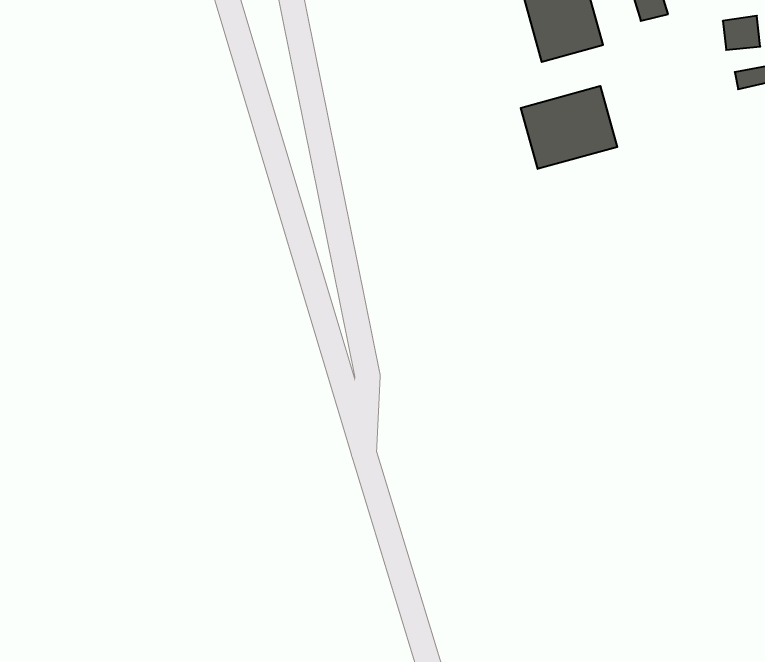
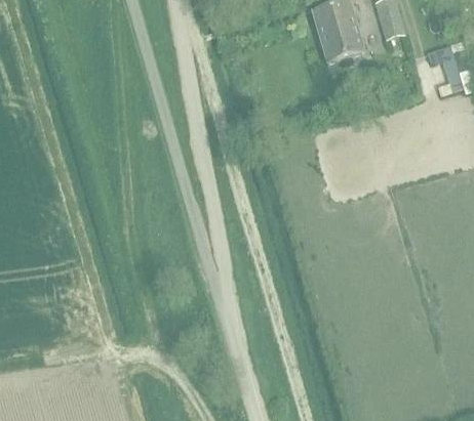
building: [521,86,617,169] -> none

